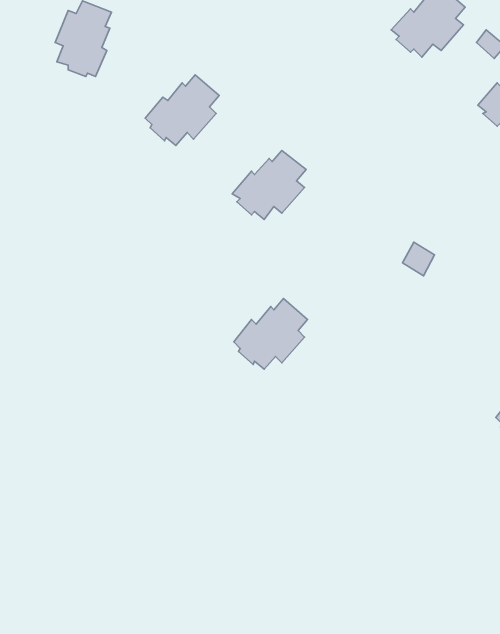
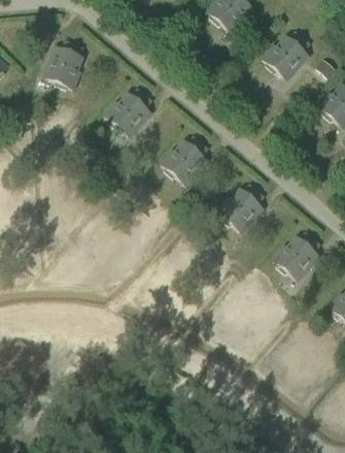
building: none -> [272,232,319,278]
building: [234,298,308,369] -> [216,185,264,230]

